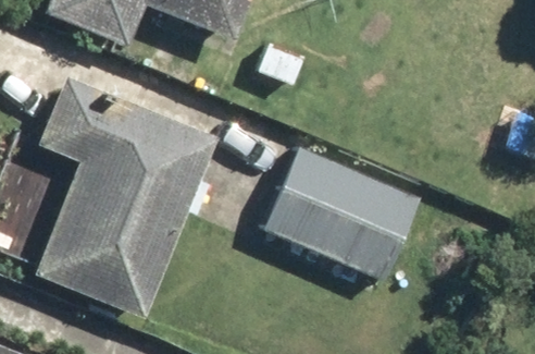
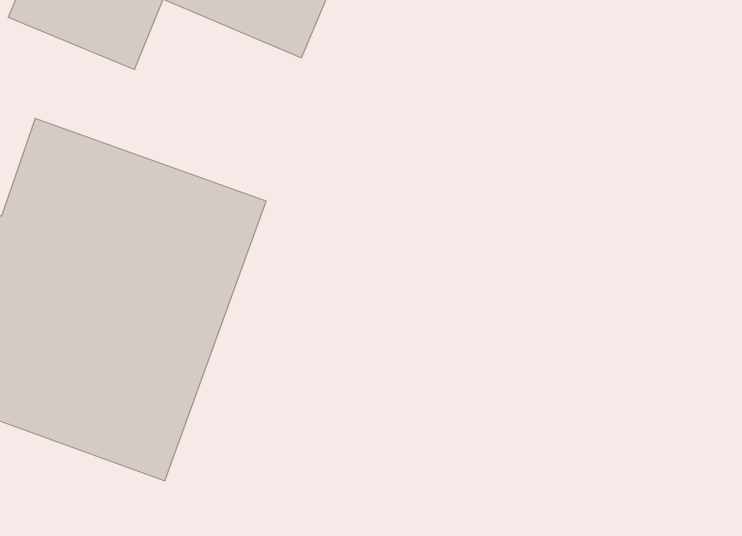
building: [264,146,421,281] -> none

